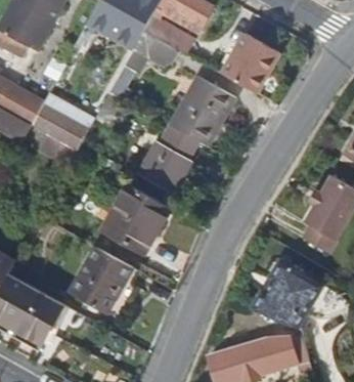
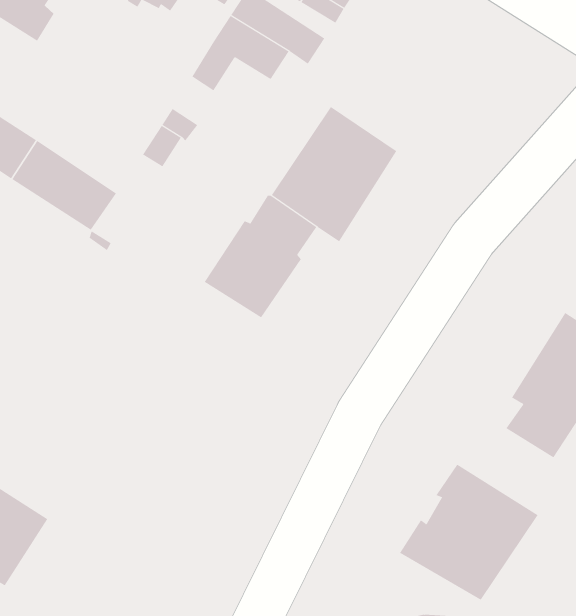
building: [230,47,277,94] -> none
building: [100,181,170,252] -> none
building: [67,243,131,310] -> none

